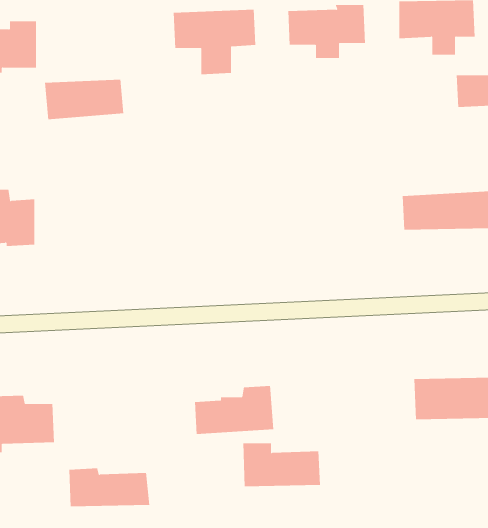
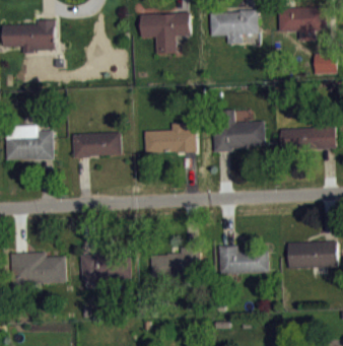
building: [44,79,124,120] -> [72,133,122,158]
building: none -> [211,111,265,152]
building: none -> [144,124,196,152]
building: [242,443,321,487] -> [219,246,268,273]
building: [68,468,150,507] -> [82,255,133,279]

